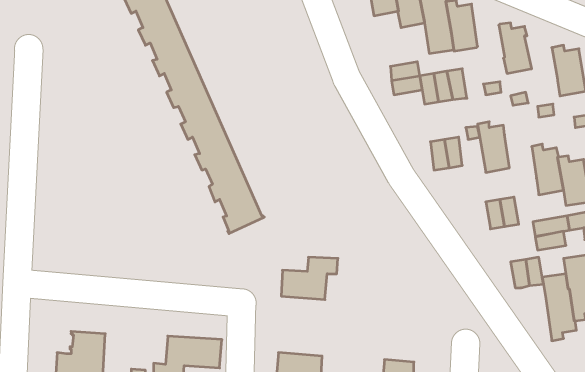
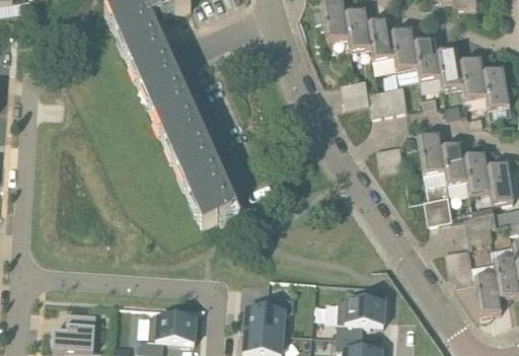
building: none -> [414,35,441,79]
building: none -> [458,56,487,98]
building: none -> [441,141,468,184]
building: [281,257,338,300] -> [246,296,295,333]
building: none -> [338,299,386,338]

